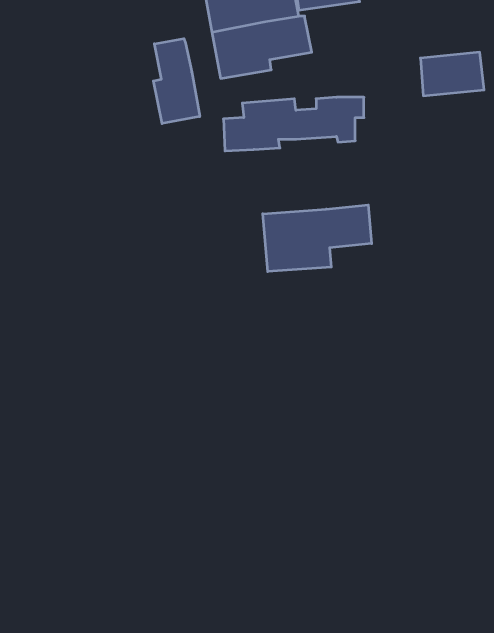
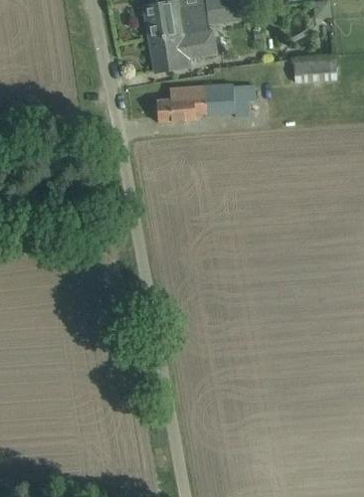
building: [153,39,200,124] -> none
building: [263,205,372,272] -> none

